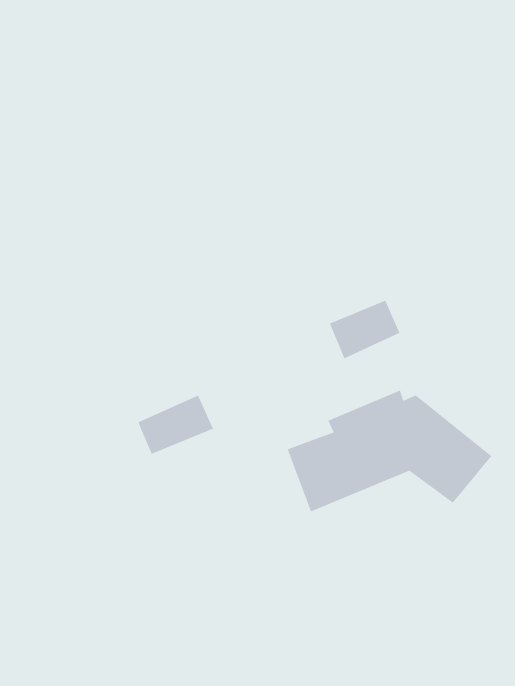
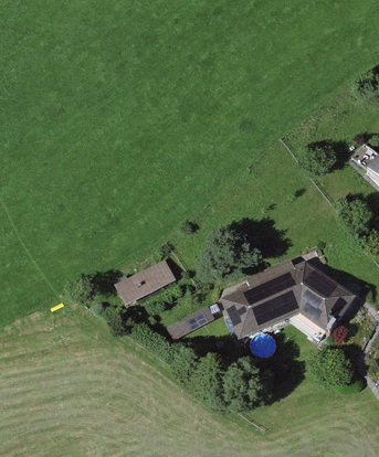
building: [329,300,400,359] -> none

